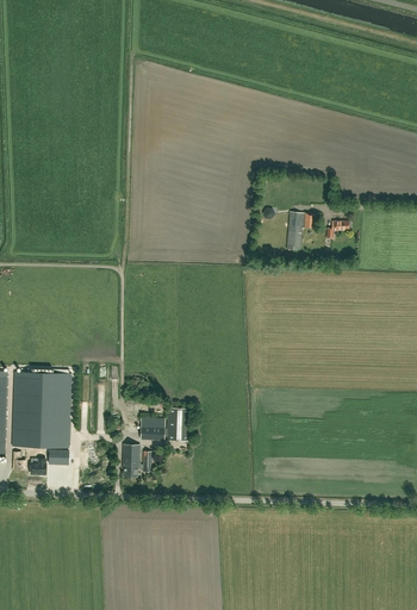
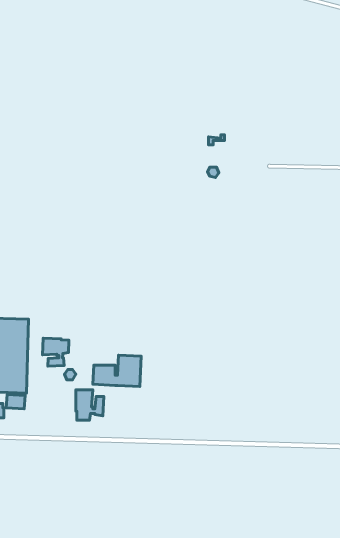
building: [286,212,316,250] -> none
building: none -> [43,338,69,366]

